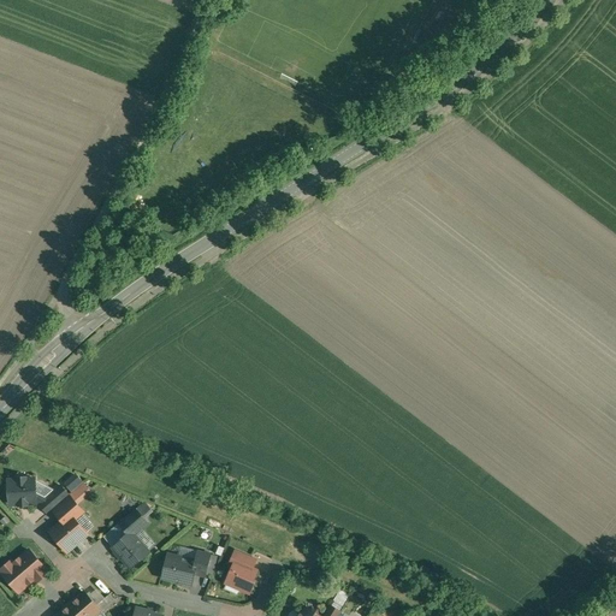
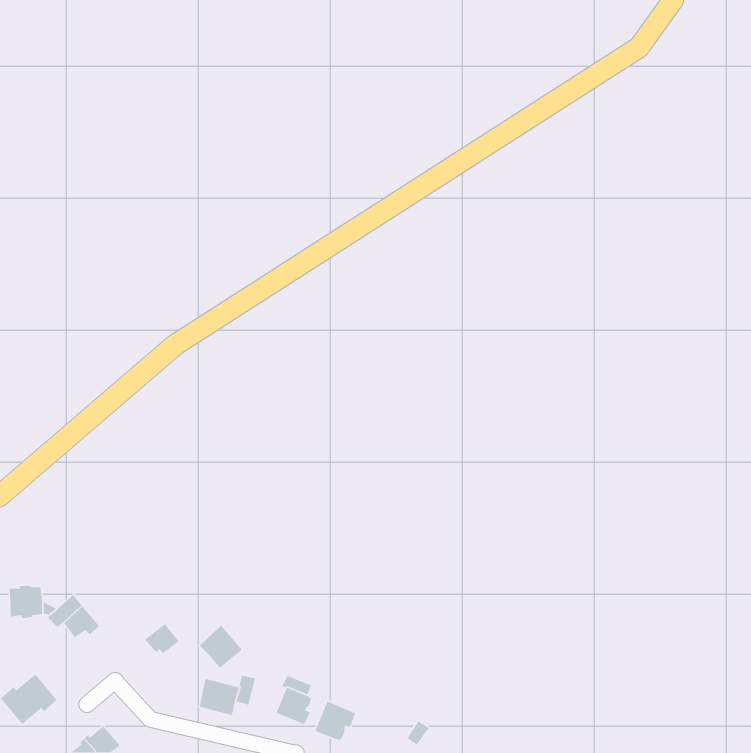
building: [49,515,87,551] -> none
building: [112,531,148,567] -> [199,625,243,669]
building: none -> [315,700,356,741]

